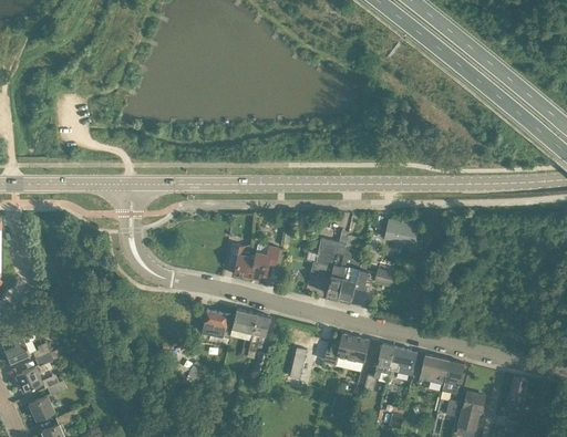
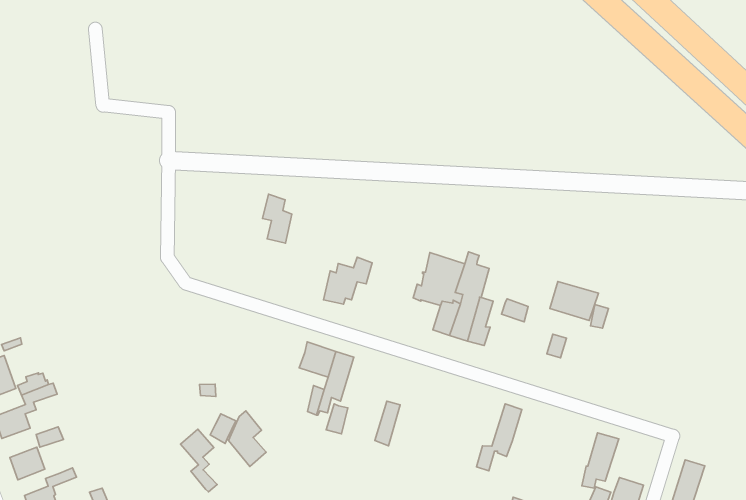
building: [384,219,419,246] -> [550,281,599,320]
building: [229,243,250,278] -> [262,194,292,243]
building: [202,310,236,339] -> none
building: [324,335,369,372] -> none
building: [389,347,417,377] -> none
building: [420,355,450,385] -> none
building: none -> [181,429,217,492]

